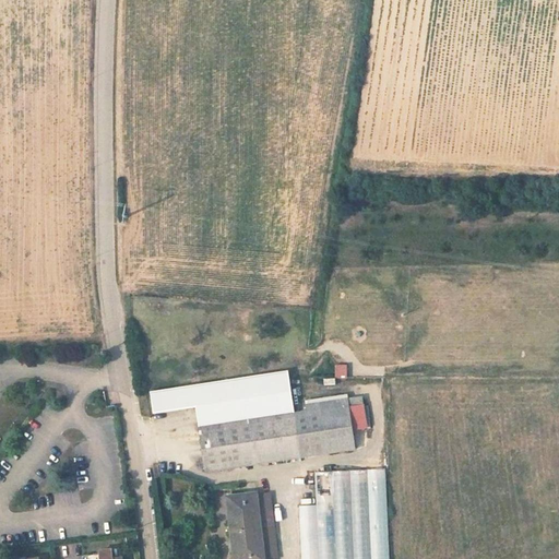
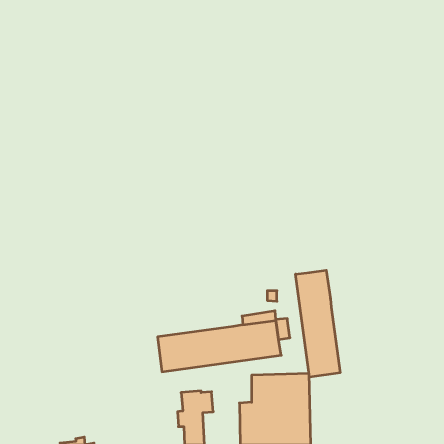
building: none -> [296,270,340,377]
building: [150,371,293,424] -> none

